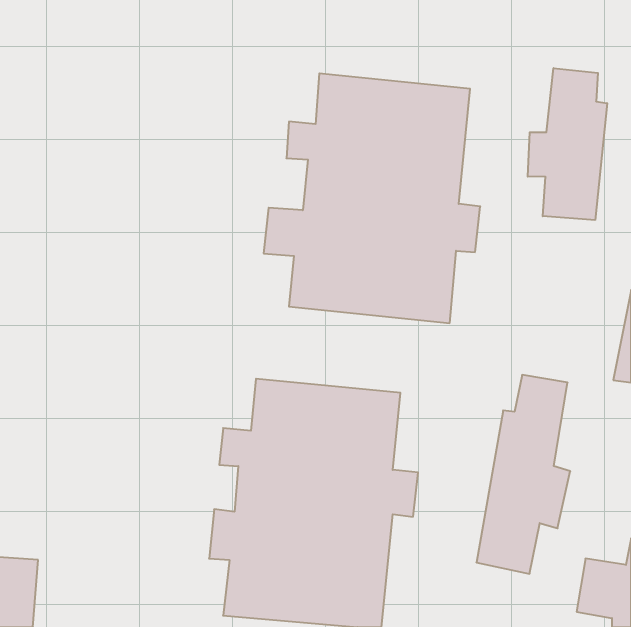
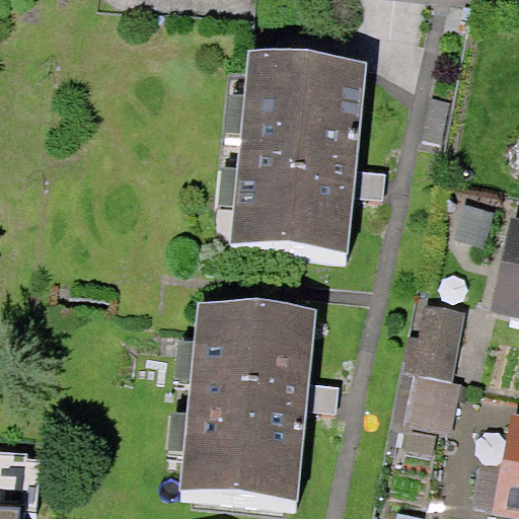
building: [528,68,607,220] -> none

